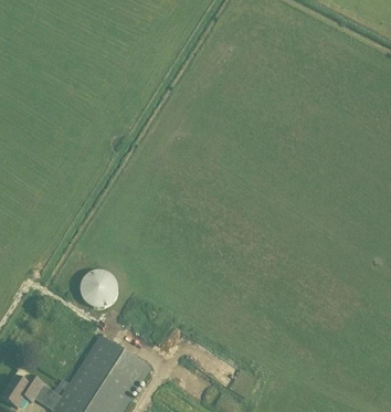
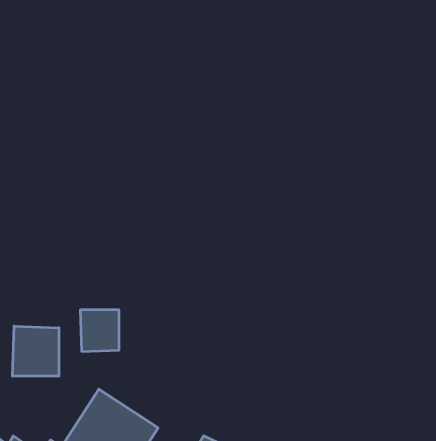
building: none -> [12,326,59,376]

